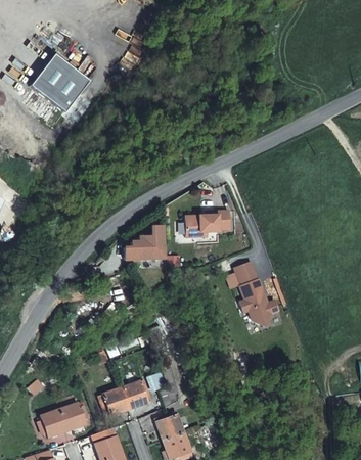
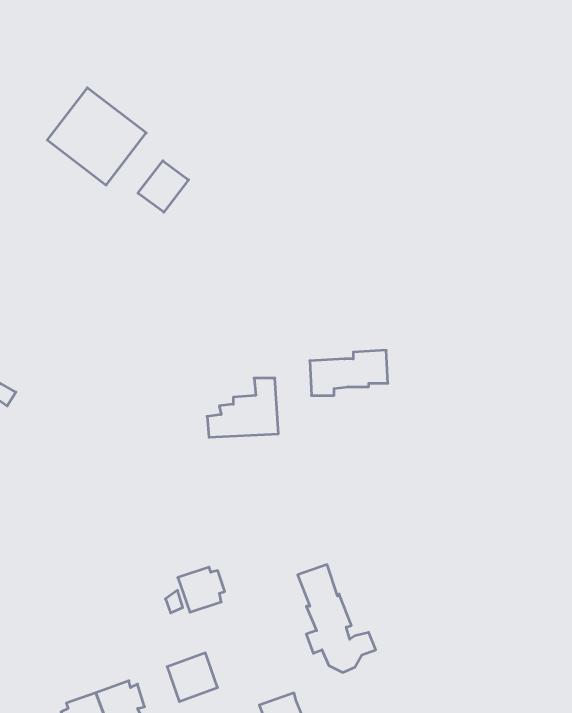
building: none -> [138,161,189,212]
building: [234,261,280,324] -> [298,565,376,672]
building: [124,381,151,408] -> [178,567,225,612]

